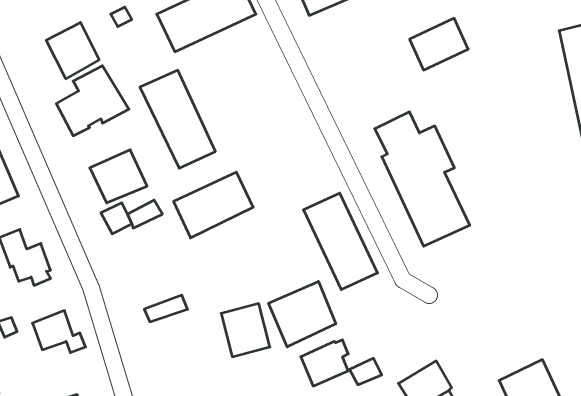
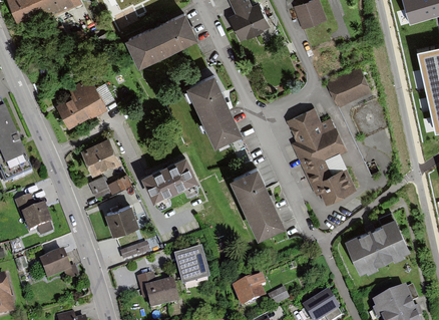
building: [410,18,468,70] -> [326,68,368,105]
building: [46,22,99,79] -> none
building: [140,70,215,168] -> [189,76,244,146]
building: none -> [104,203,139,234]
building: none -> [344,221,408,275]
building: [269,281,336,347] -> none
building: none -> [136,272,178,308]

